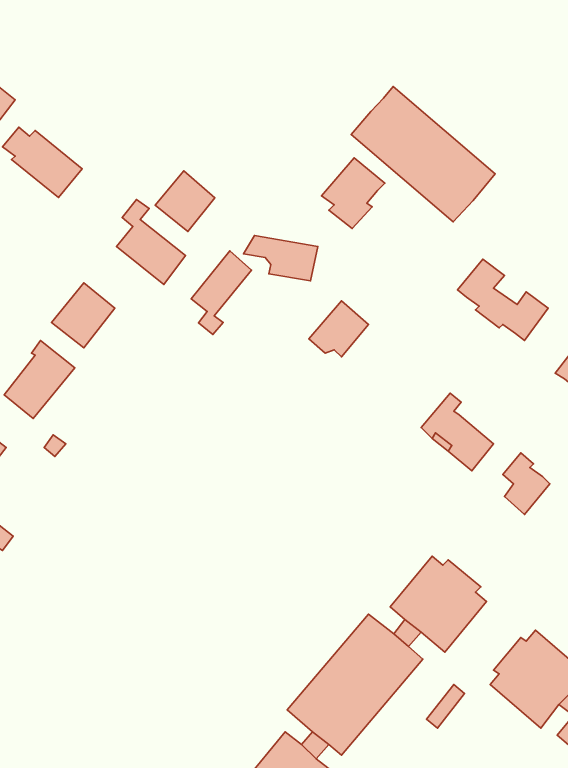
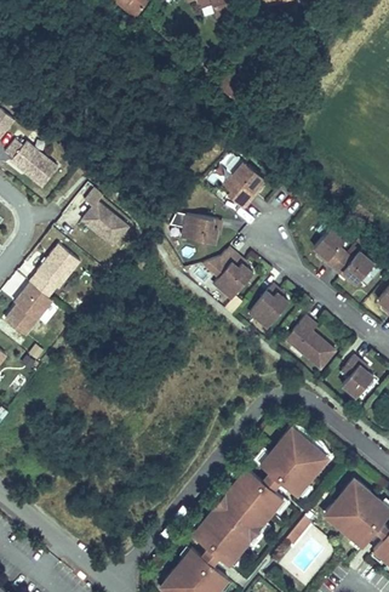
building: [351,87,495,222] -> none
building: [155,171,215,232] -> none
building: [191,251,251,334] -> none
building: none -> [246,285,285,323]

